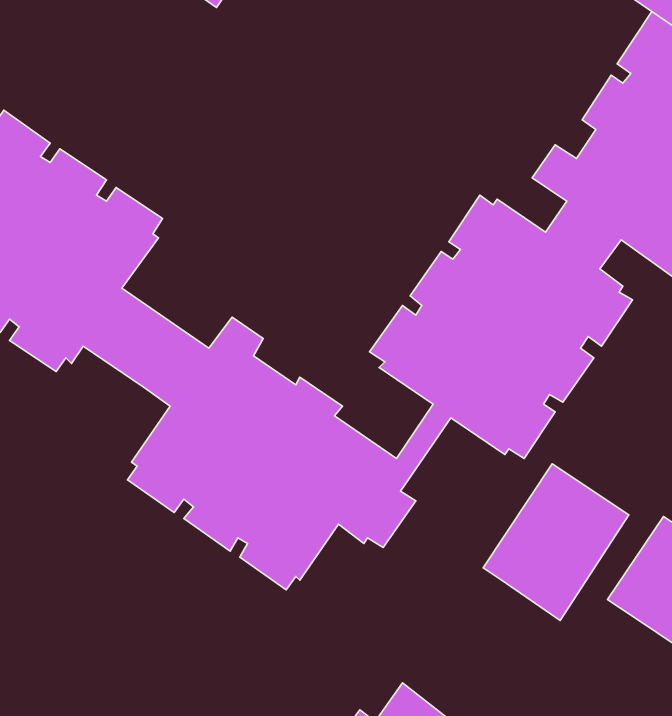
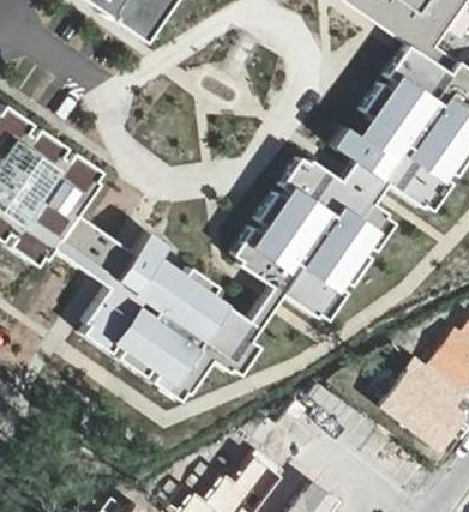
building: [483,464,629,621] -> none

